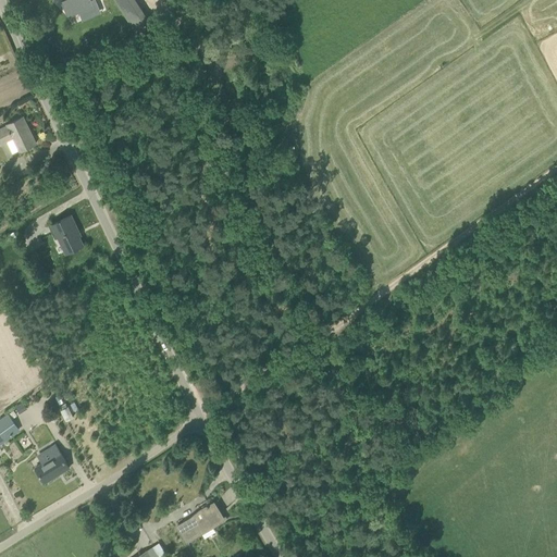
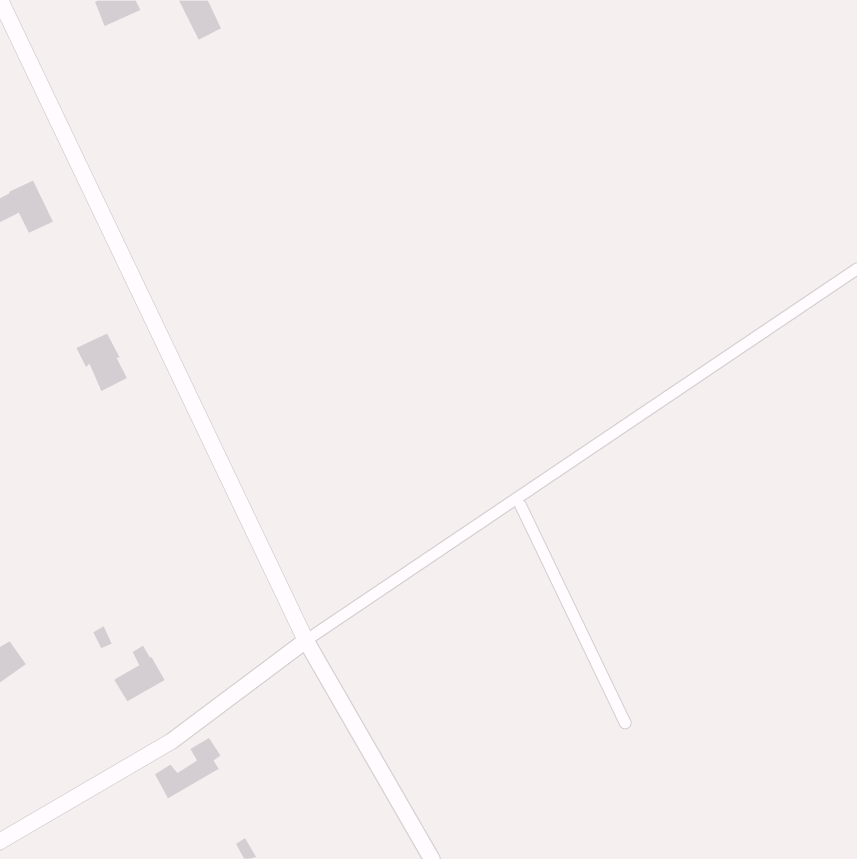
building: [35,445,69,482] -> [113,645,165,702]
building: [177,502,221,542] -> [154,737,221,799]

